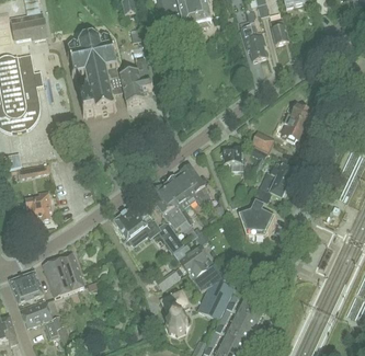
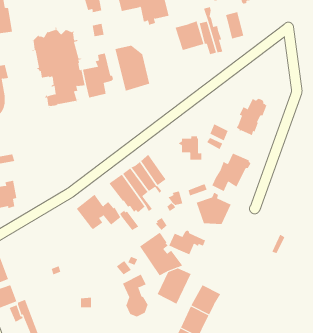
building: none -> [175,21,204,51]
building: none -> [115,45,150,91]
building: none -> [168,230,206,255]
building: [42,252,83,295] -> none

